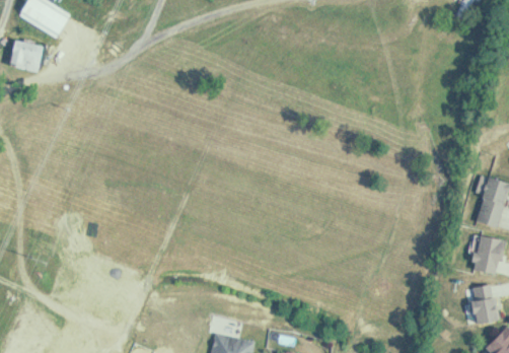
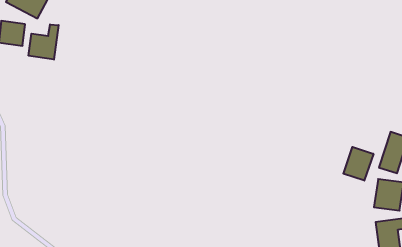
building: none -> [29,24,59,60]
building: none -> [343,147,373,181]

